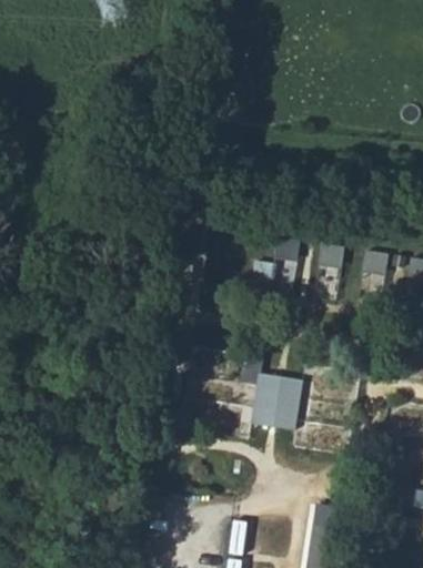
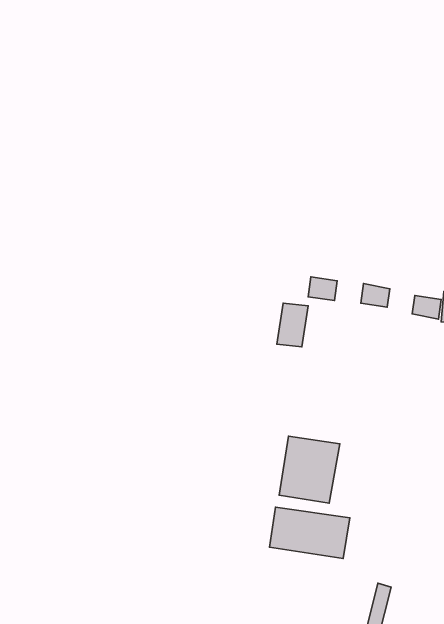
building: none -> [270,507,350,559]

